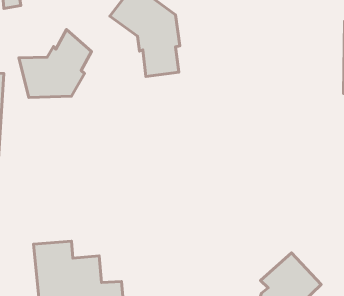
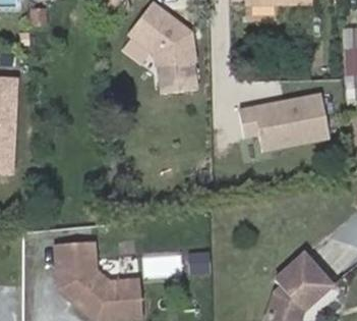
building: [19,29,92,97] -> none
building: none -> [239,98,329,153]

